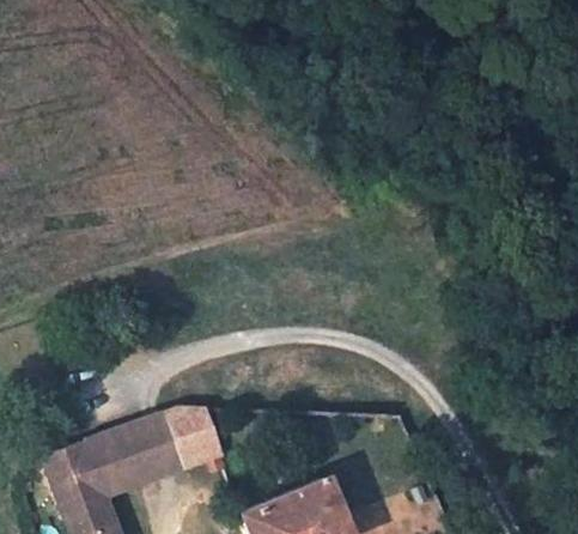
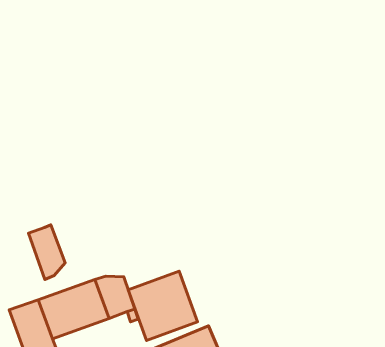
building: none -> [28,225,65,280]
building: none -> [128,271,198,340]

